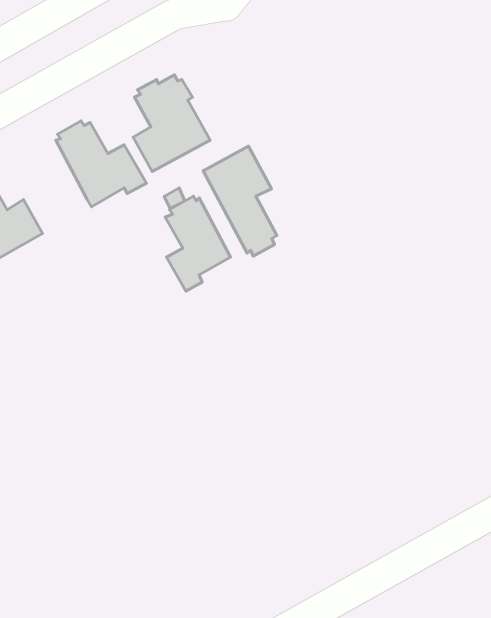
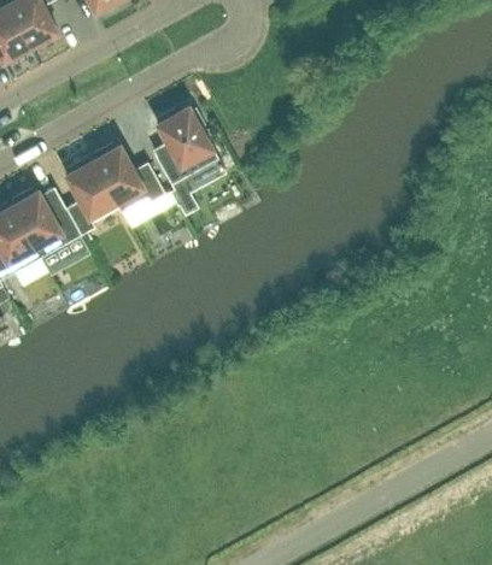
building: [203,146,277,256] -> none
building: [165,196,230,291] -> [65,157,118,234]

